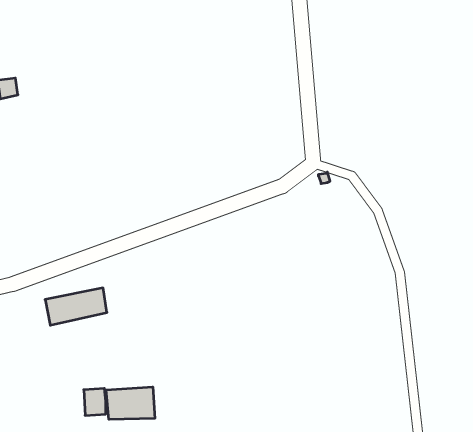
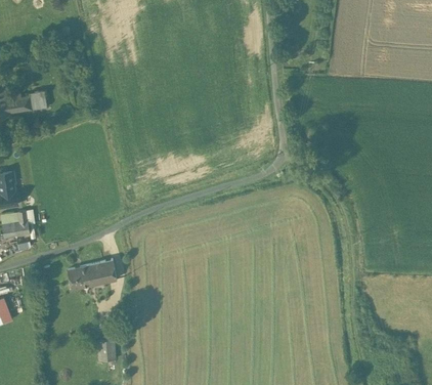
building: [106,387,155,419] -> none

